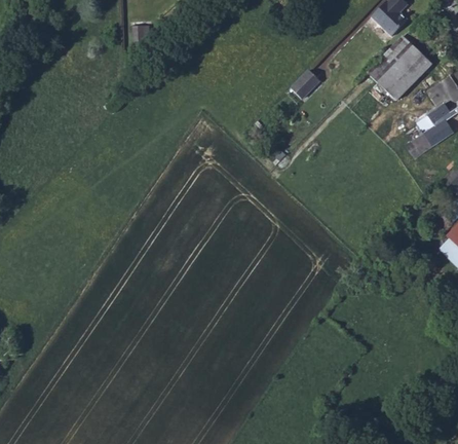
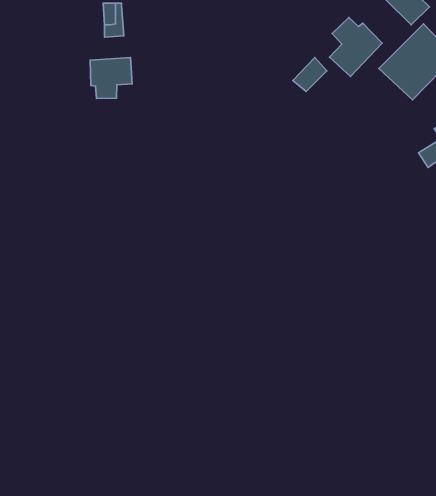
building: none -> [330,17,382,77]
building: none -> [90,58,132,99]

